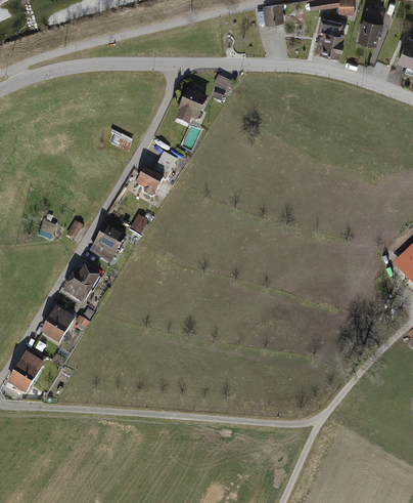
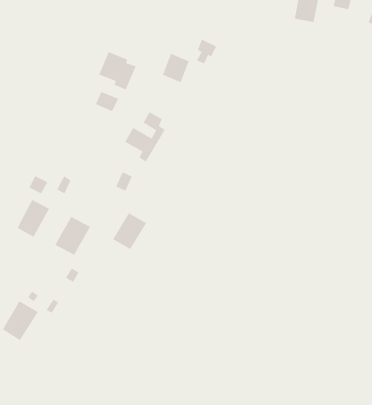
building: none -> [98,51,137,90]
building: [91,222,128,262] -> [112,212,147,250]
building: [43,305,79,346] -> [16,199,50,238]

